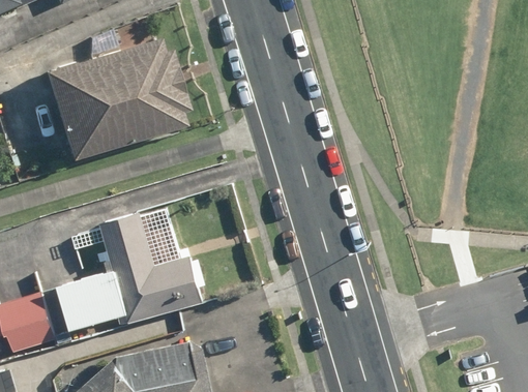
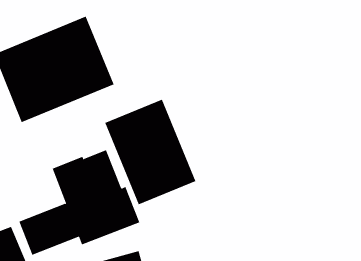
building: none -> [105,99,196,205]

